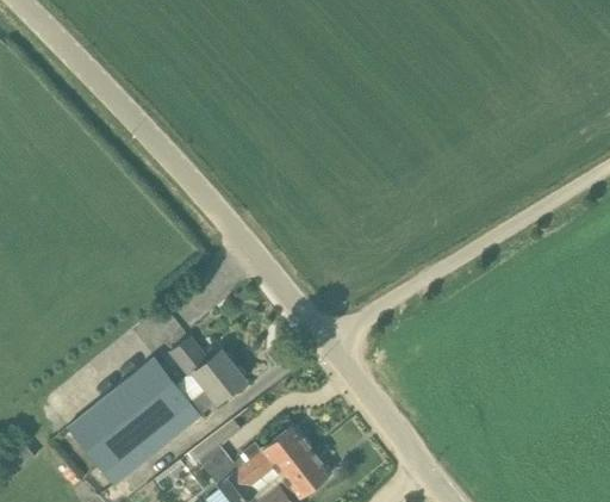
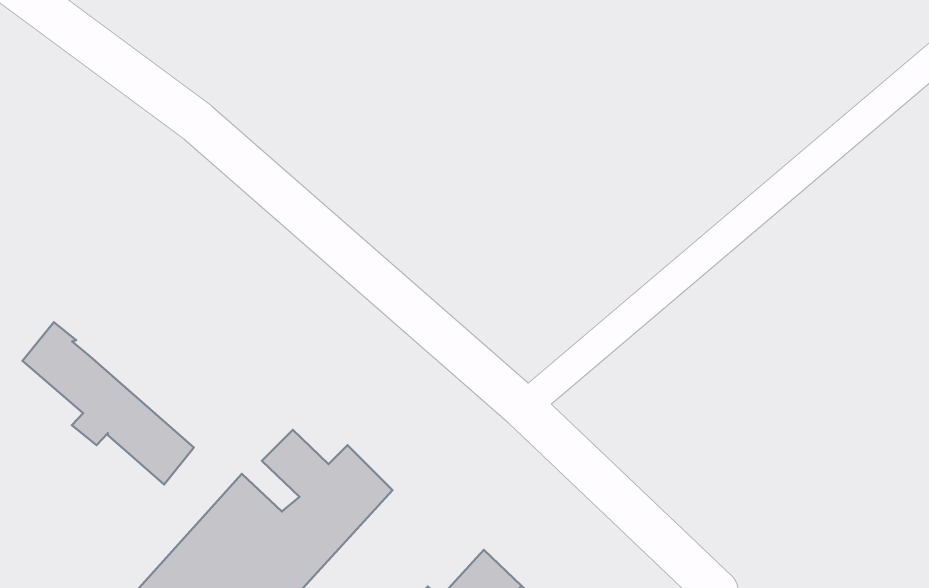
building: none -> [22,322,194,485]

